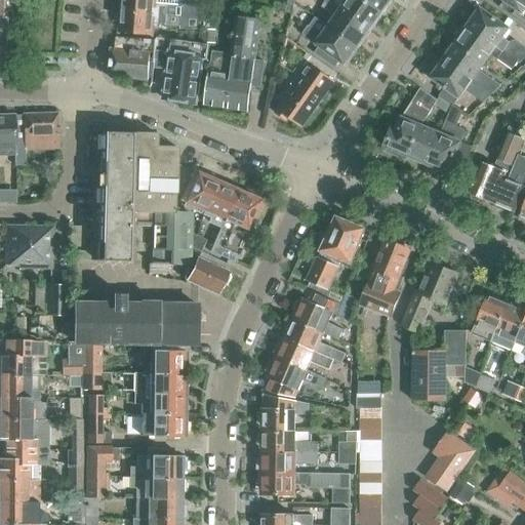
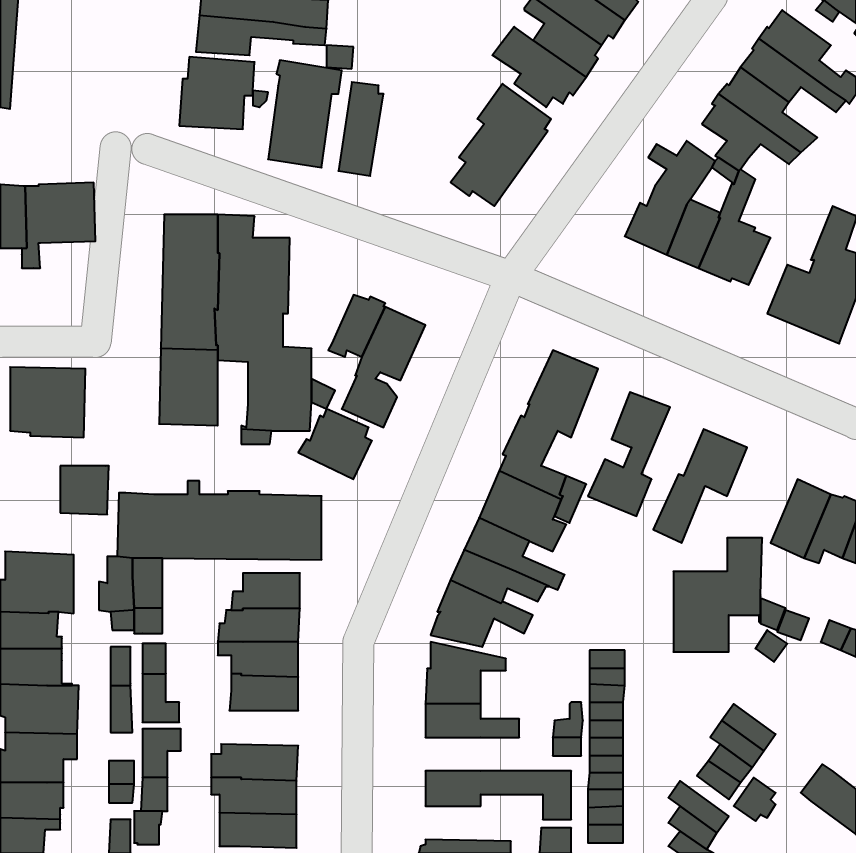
building: [227,16,265,111] -> none
building: [180,170,216,210] -> none
building: [260,451,318,472] -> none

